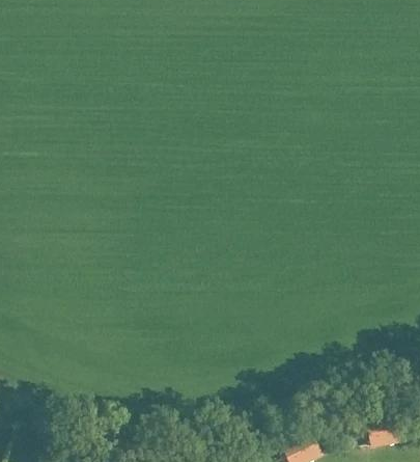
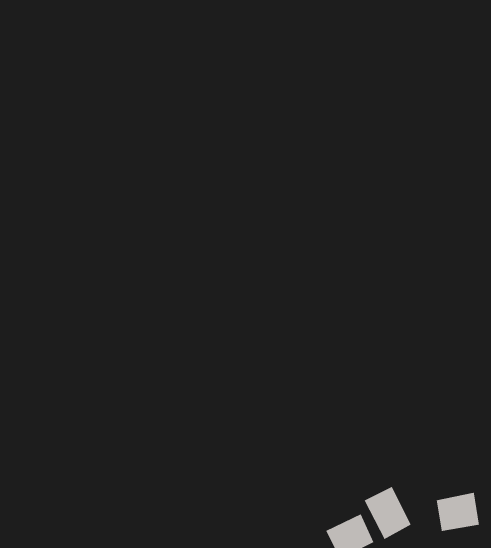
building: none -> [363,486,412,540]

